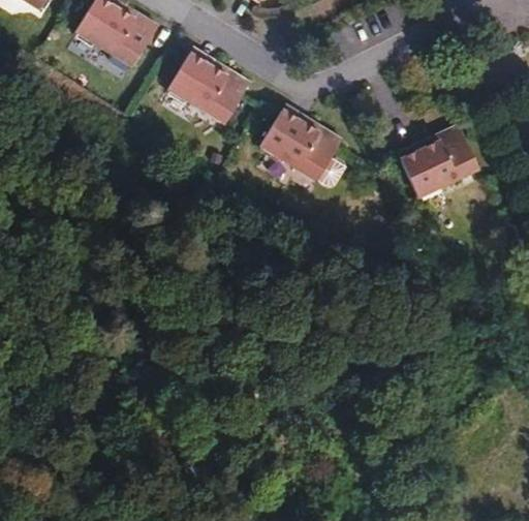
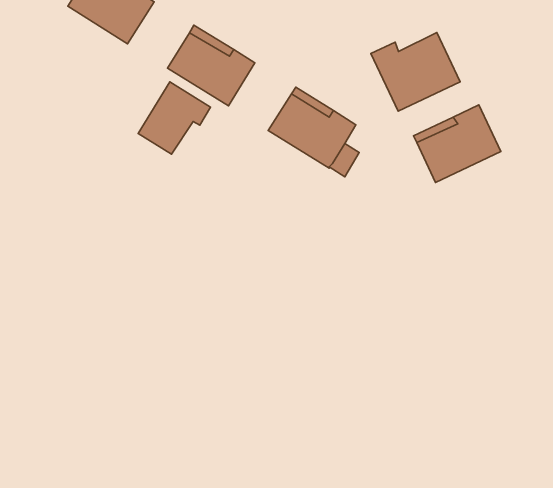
building: none -> [371,32,460,111]
building: none -> [138,82,211,154]

